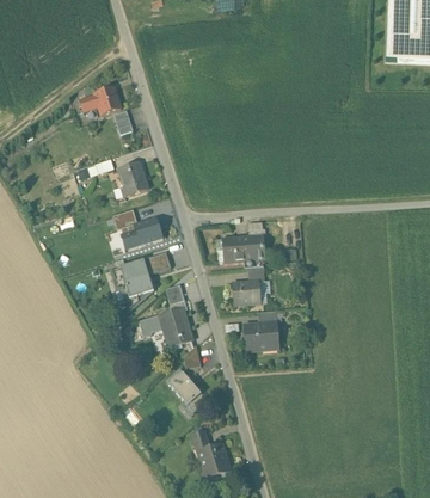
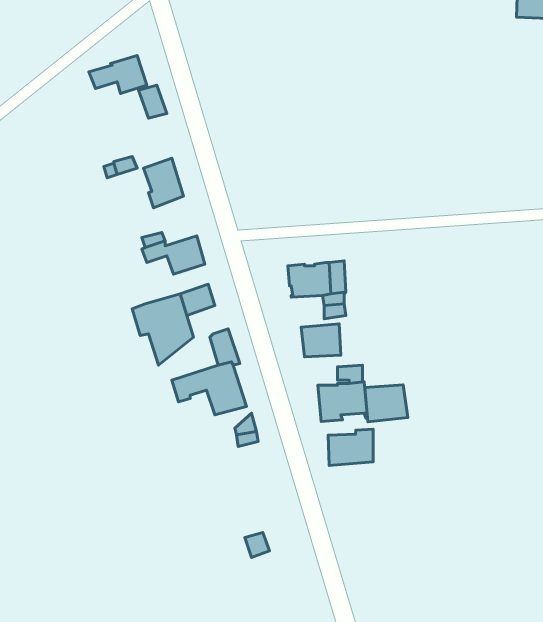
building: none -> [365,385,408,422]
building: none -> [328,429,373,466]
building: [166,369,207,412] -> none
building: [201,444,231,479] -> none

